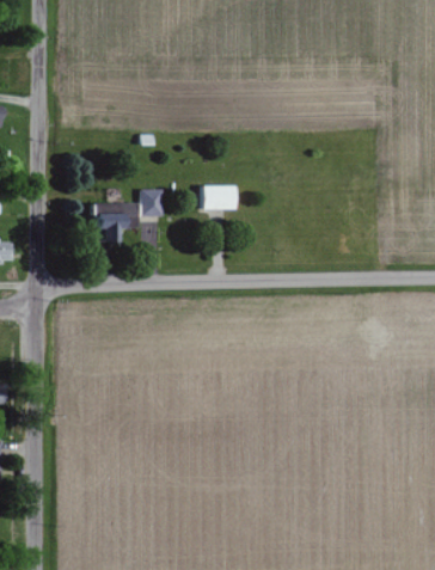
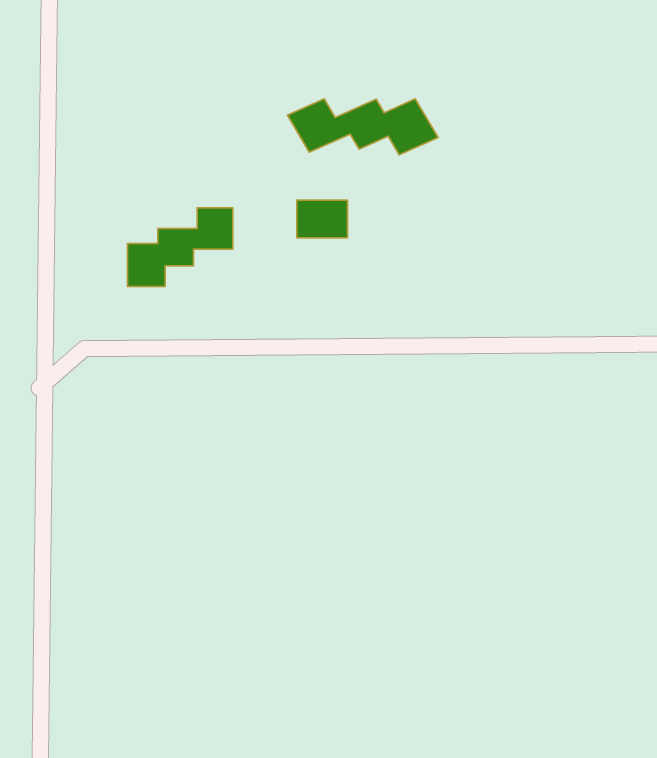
building: none -> [287,99,438,155]

